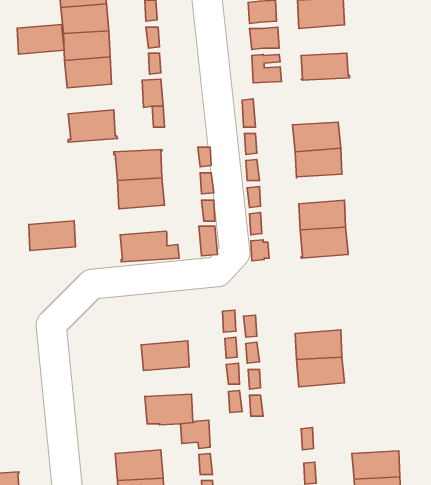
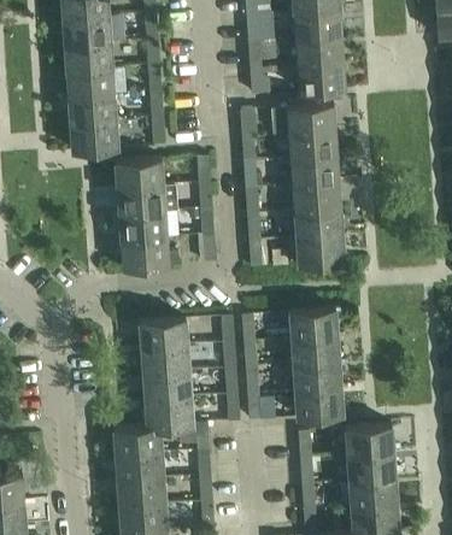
building: [17,24,64,54] -> [69,95,115,124]
building: none -> [295,37,342,67]
building: none -> [287,104,334,135]
building: none -> [293,183,340,212]
building: [29,221,76,250] -> [119,213,165,242]
building: none -> [288,308,336,339]
building: none -> [139,318,187,349]
building: none -> [143,371,190,400]
building: none -> [295,387,342,417]
building: none -> [345,425,393,455]
building: none -> [113,427,160,455]

